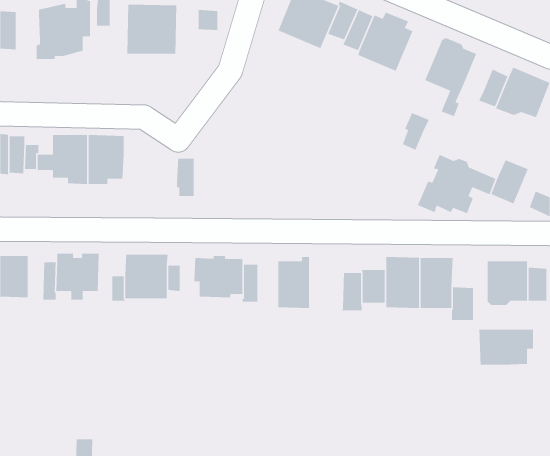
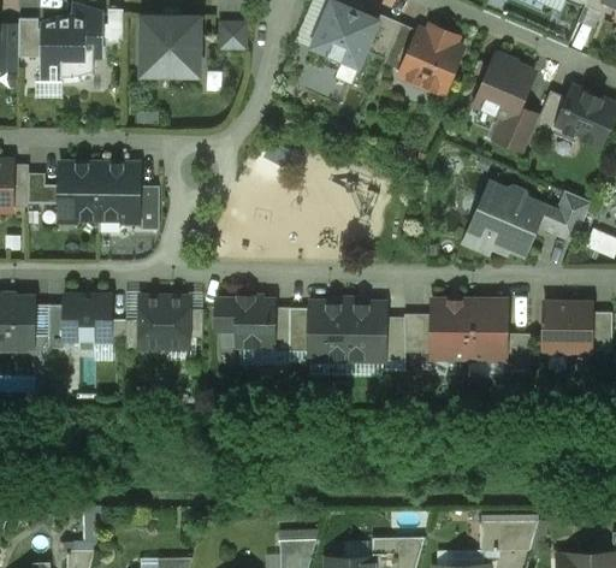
building: none -> [19,18,45,57]
building: [402,112,430,151] -> [508,107,539,150]
building: [176,158,195,197] -> [138,185,159,229]
building: none -> [346,298,384,357]
building: none -> [289,307,310,350]
building: [479,329,534,366] -> none

